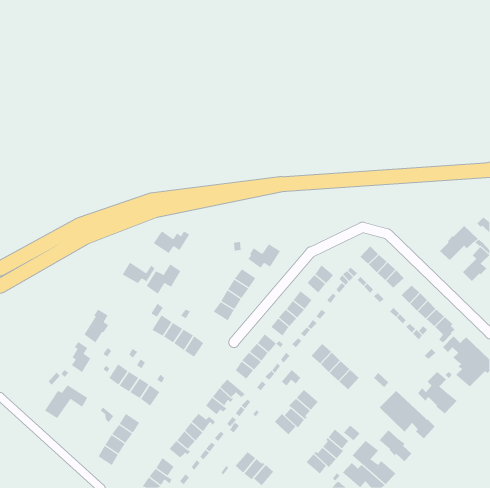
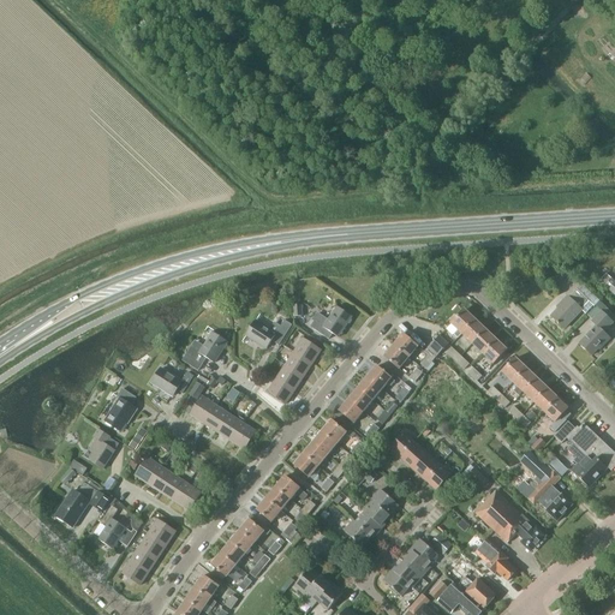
building: [153,231,190,254] -> [245,318,292,347]
building: [122,262,156,284] -> [151,366,193,394]
building: none -> [98,503,126,547]

